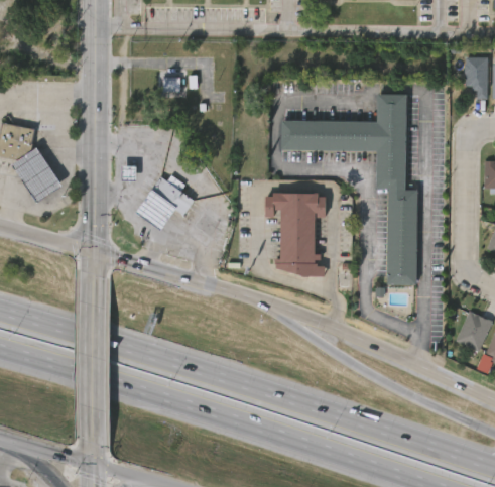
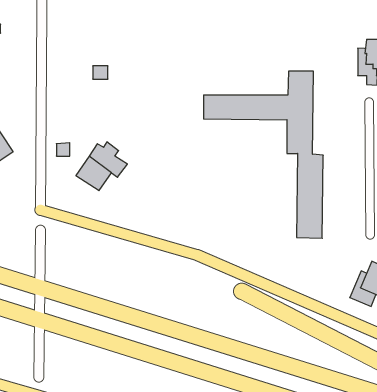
building: [264,193,325,277] -> none

